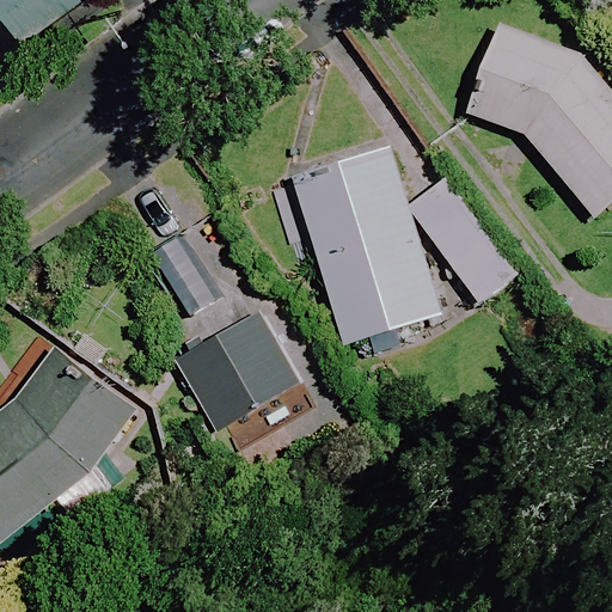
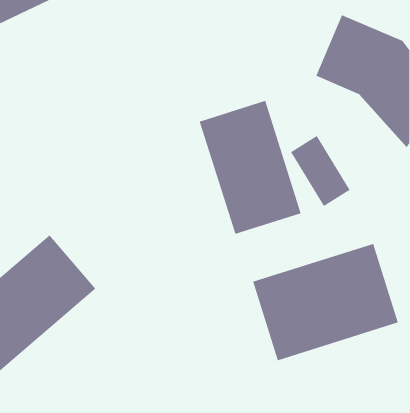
building: [173,311,300,432] -> none
building: none -> [252,243,399,361]

